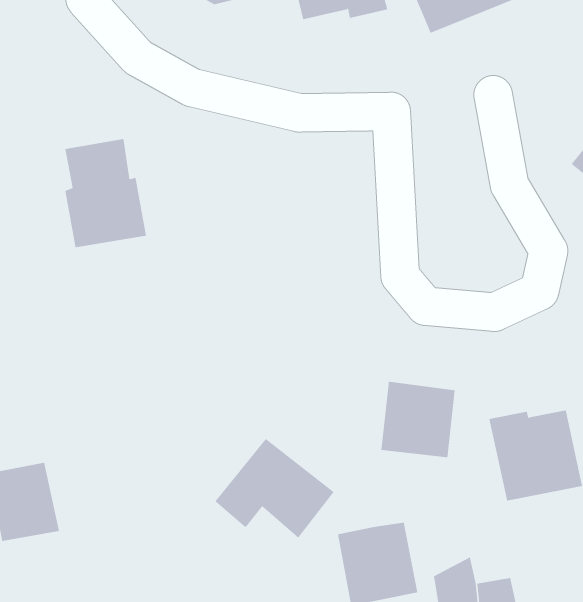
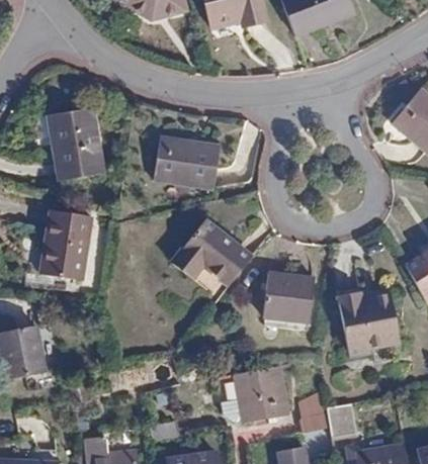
building: none -> [153,136,220,188]
building: none -> [40,211,91,279]
building: [215,438,334,539] -> [170,219,251,287]

